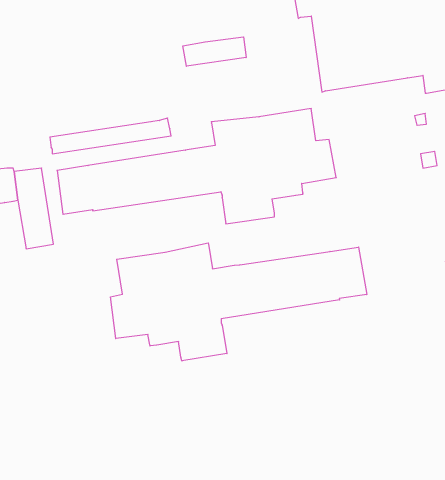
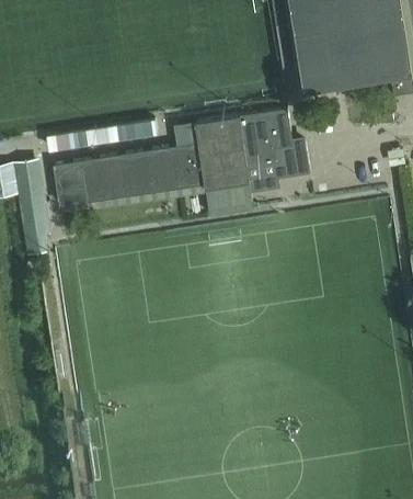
building: [183,37,246,66] -> none
building: [111,243,367,361] -> none

